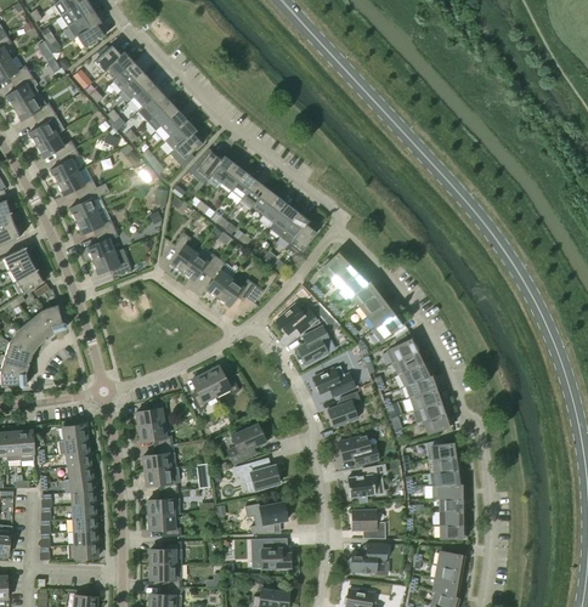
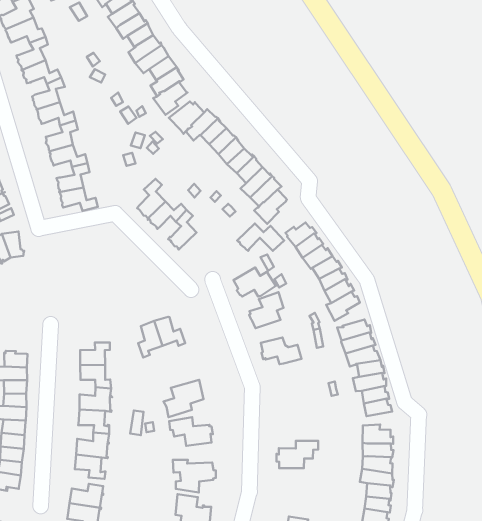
building: [217,279,264,307] -> [237,223,284,251]
building: [327,392,361,427] -> none
building: [338,435,379,466] -> none
building: [351,511,385,539] -> none

